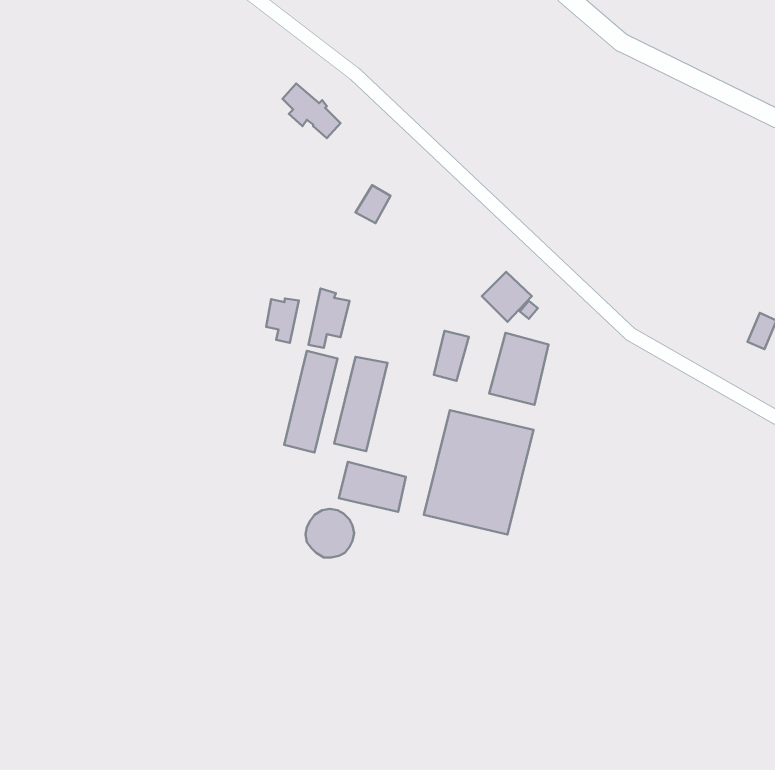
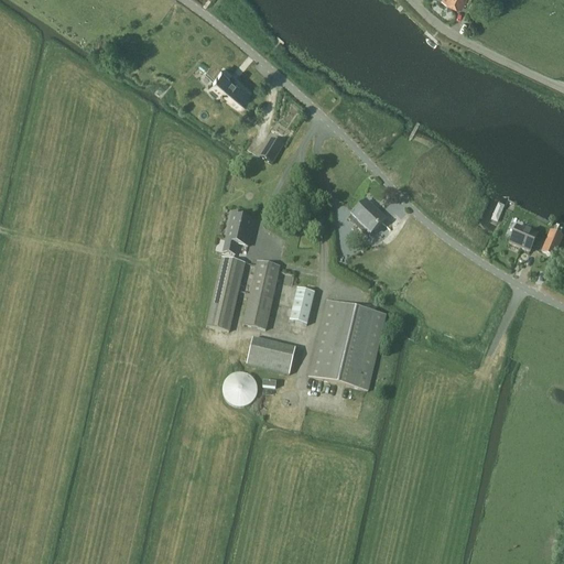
building: [266,298,299,343] -> none
building: none -> [510,223,539,249]
building: [434,331,469,381] -> [291,286,316,323]
building: [489,333,548,405] -> none

